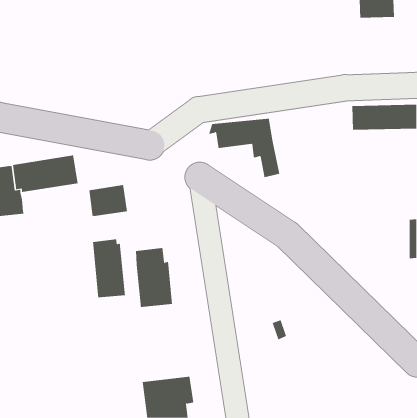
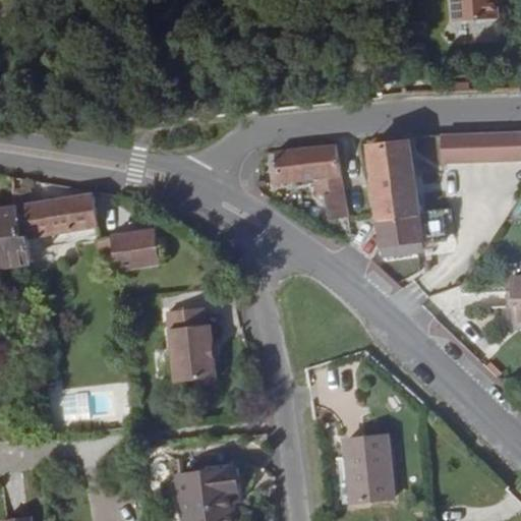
building: none -> [367,139,446,256]
building: [92,238,125,298] -> none
building: none -> [344,436,393,503]

